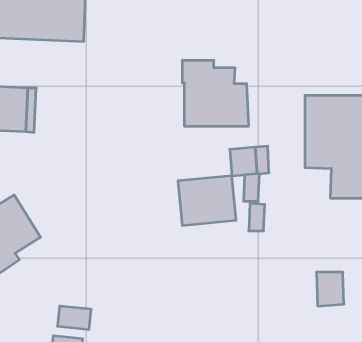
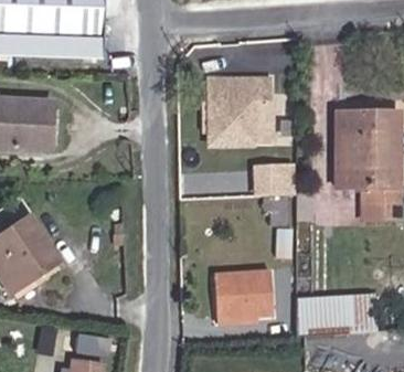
building: [178,176,236,225] -> [212,267,273,319]
building: none -> [297,296,348,334]

